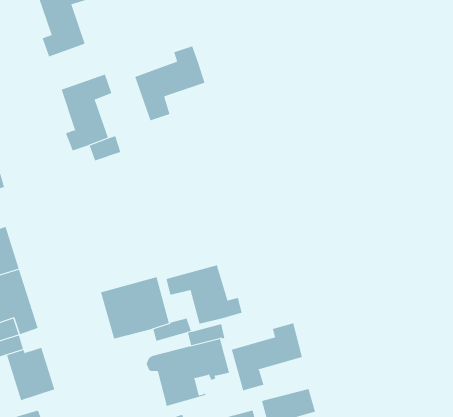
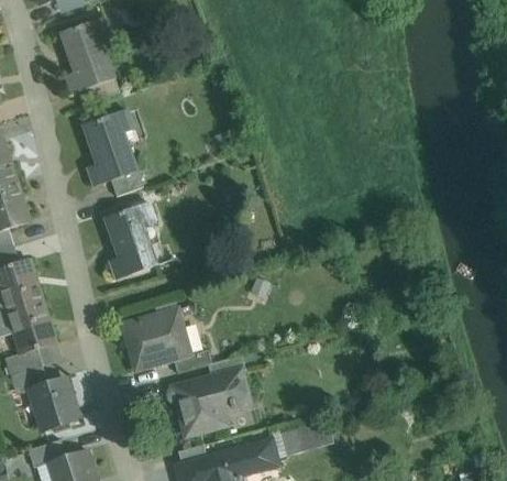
building: [134,46,205,121] -> none
building: none -> [104,201,155,278]
building: [166,264,242,325] -> none
building: [231,323,303,391] -> none

